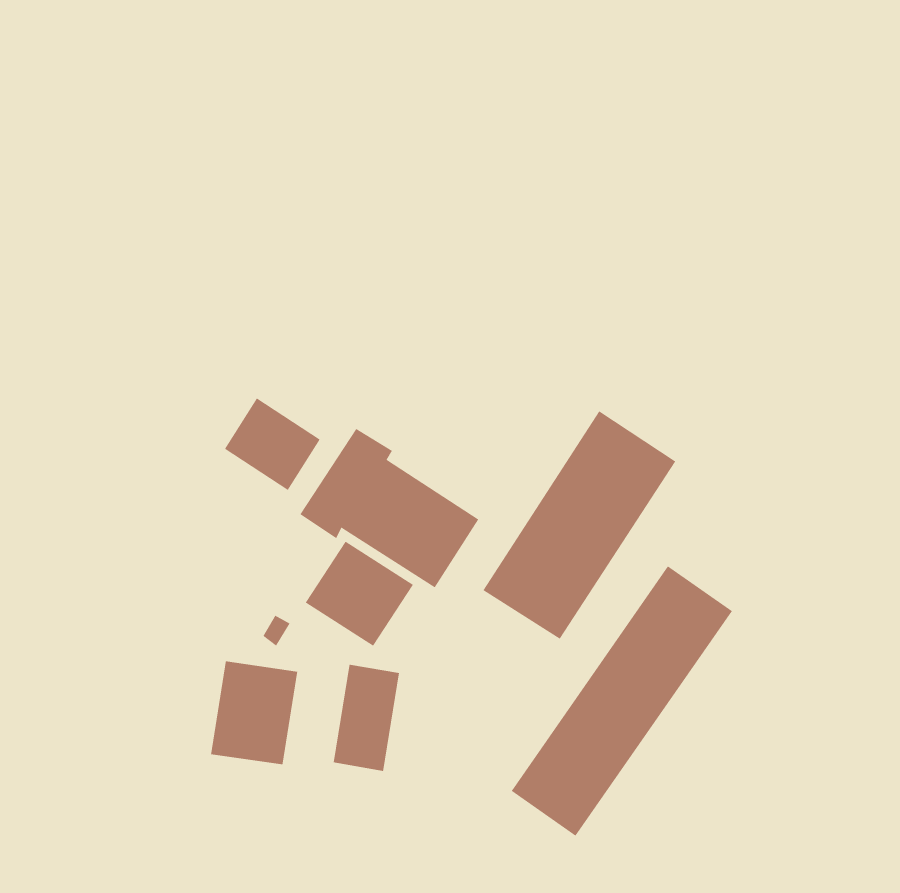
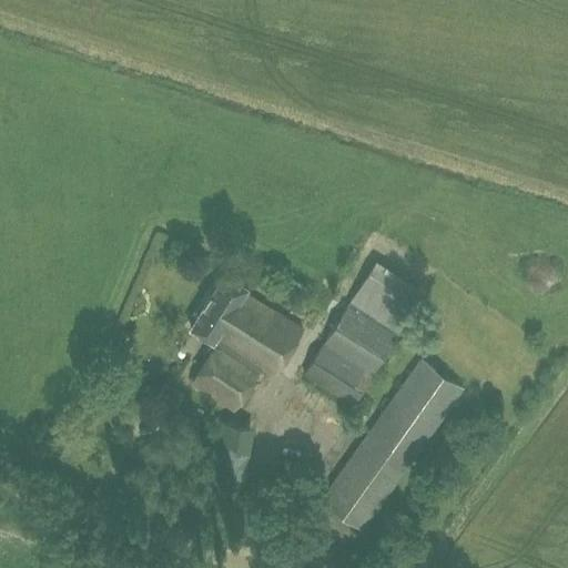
building: [224,398,321,491] -> none
building: [210,660,298,765] -> none

